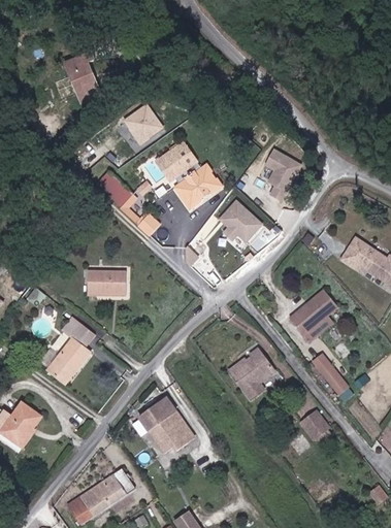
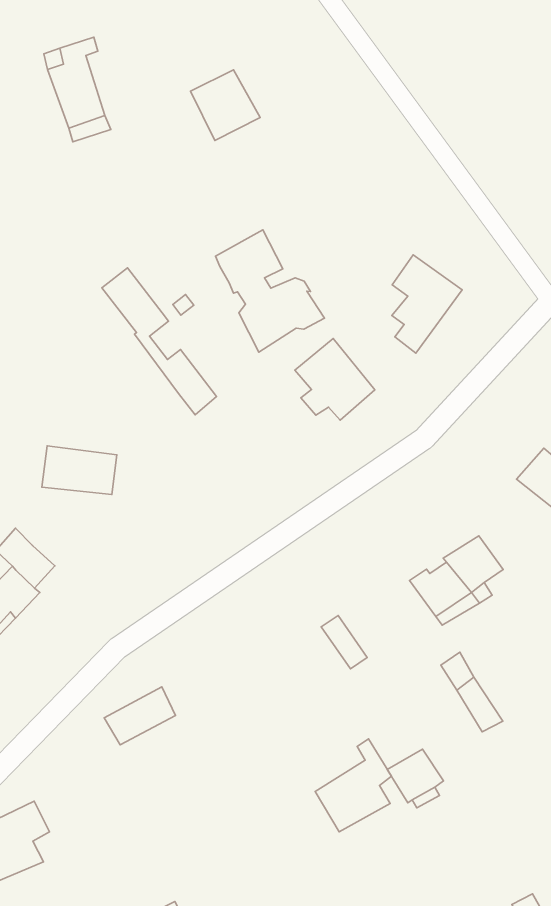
building: [122,103,161,142] -> [191,70,260,140]
building: [228,353,266,387] -> none
building: none -> [315,739,391,832]
building: [148,410,195,453] -> none
building: [105,460,131,498] -> none

